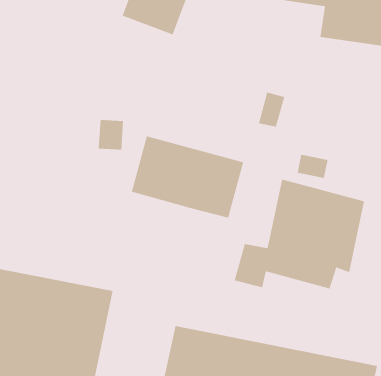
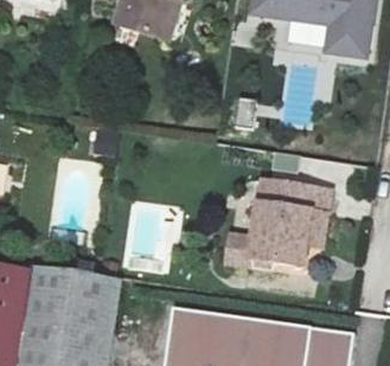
building: [131,135,244,219] -> none

